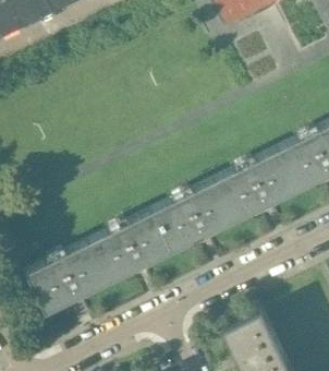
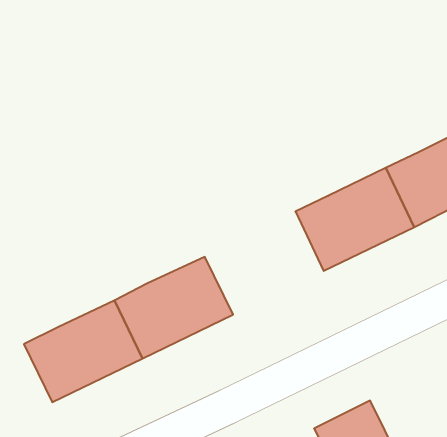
building: [151,181,234,253] -> none

